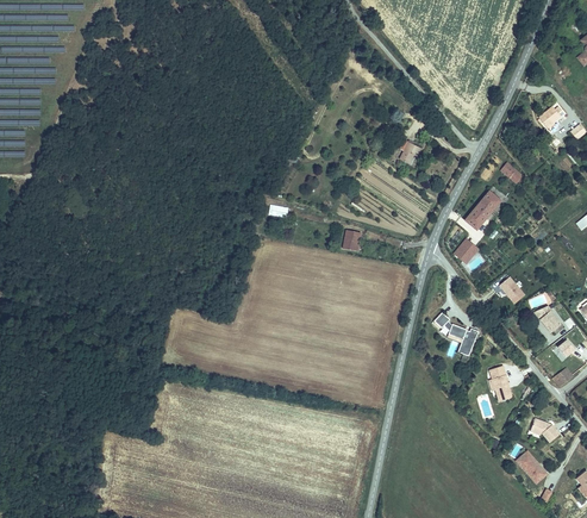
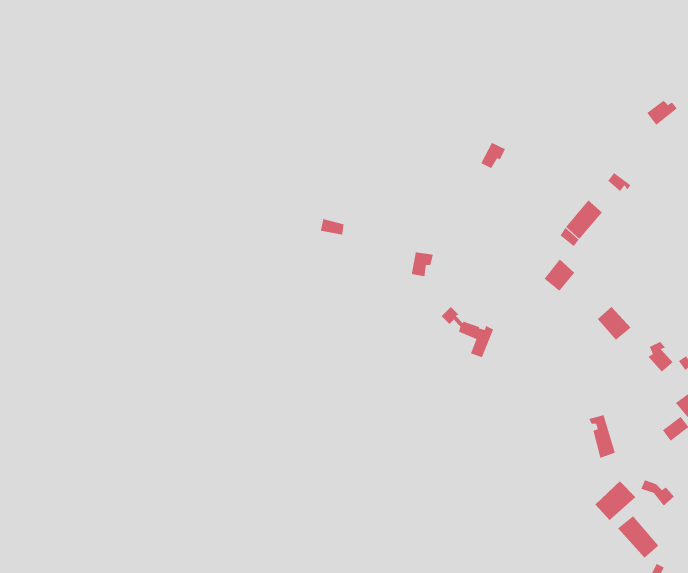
building: [433,312,477,355] -> [441,306,494,358]
building: none -> [595,480,636,521]

